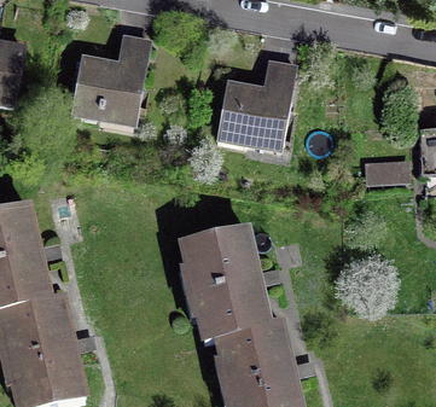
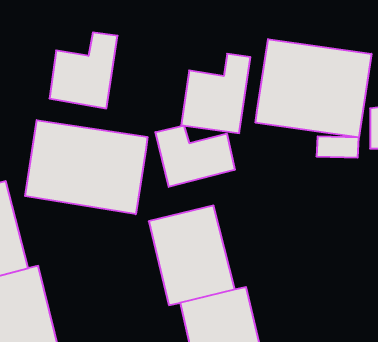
building: none -> [256,39,371,137]
building: none -> [25,120,147,214]
building: none -> [155,126,235,187]

